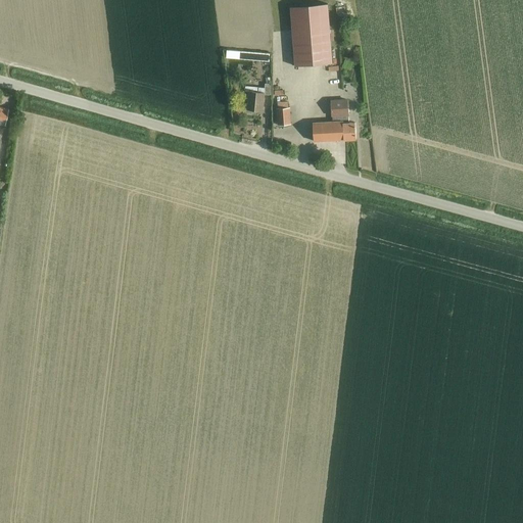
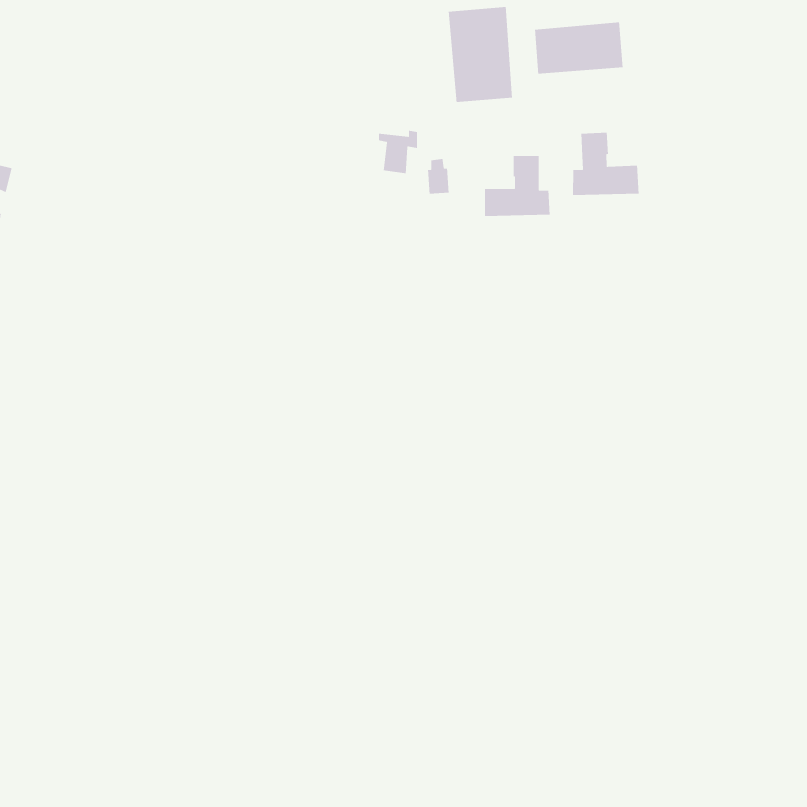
building: none -> [534,21,624,74]
building: none -> [572,132,639,196]

